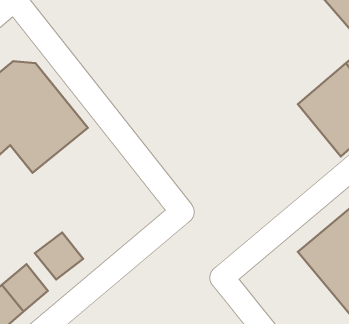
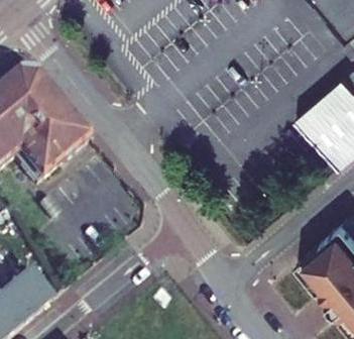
building: [35,233,83,279] -> none

